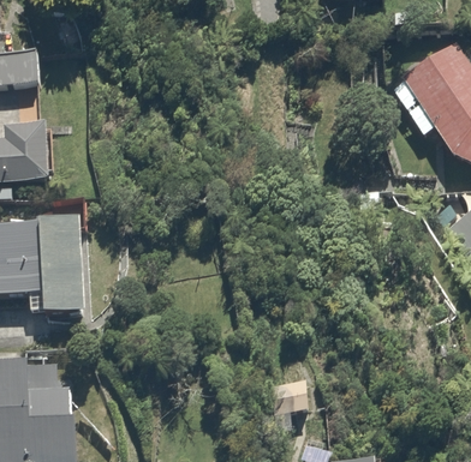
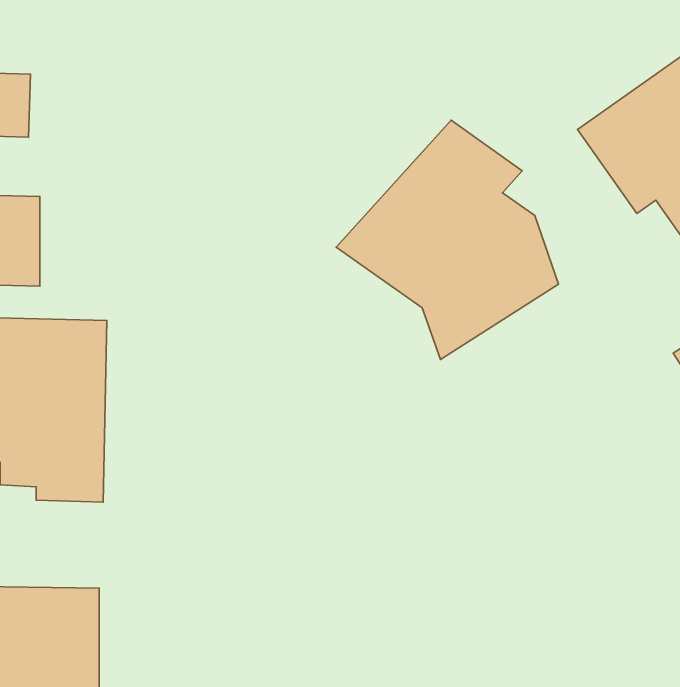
building: none -> [336,120,558,359]

